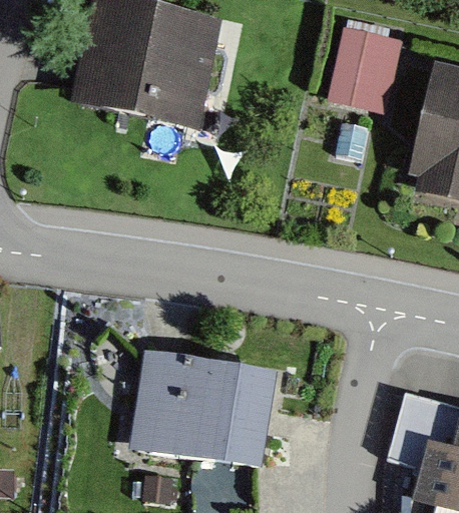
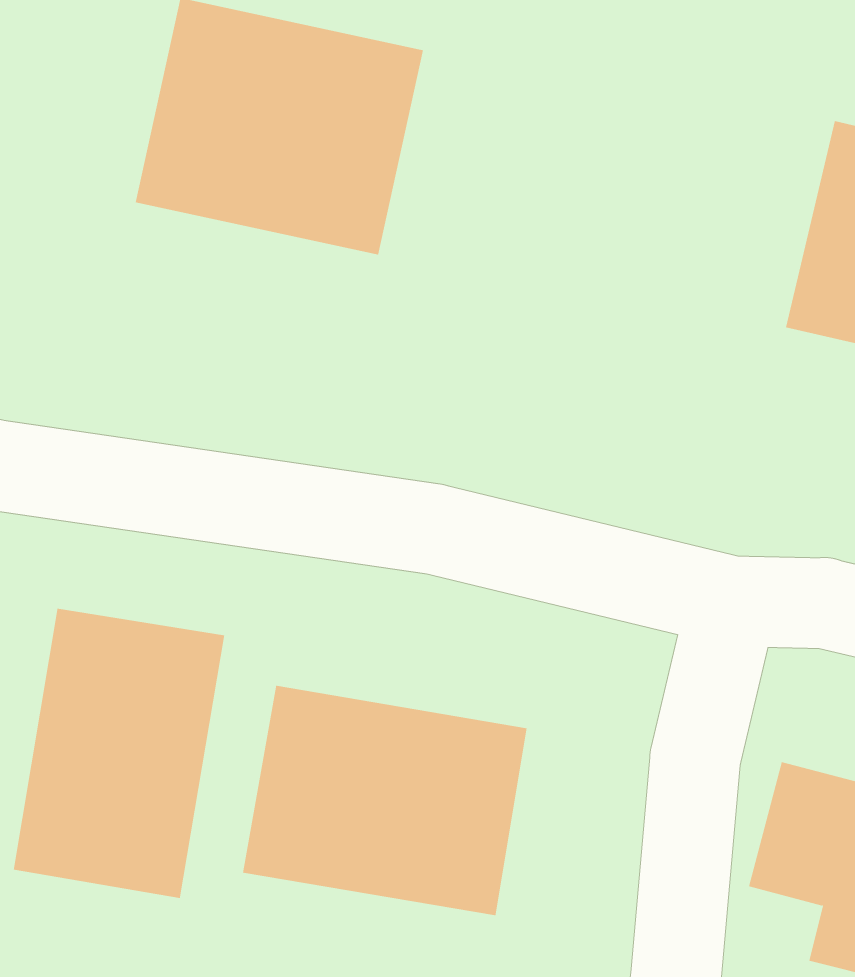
building: [337,19,397,100] -> none
building: none -> [13,608,225,899]

